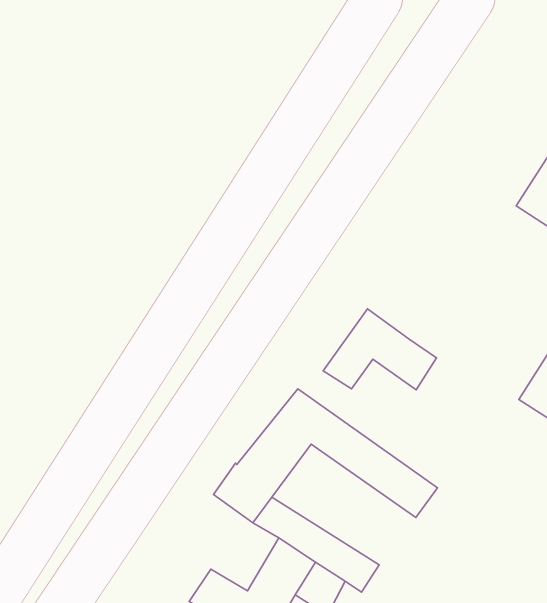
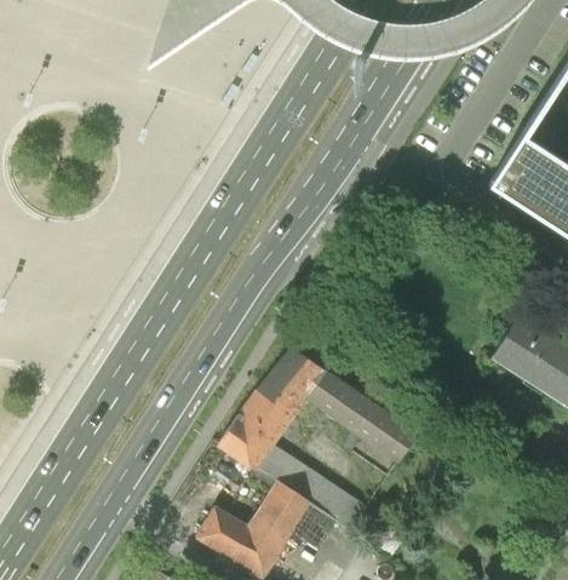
building: [323,309,437,390] -> none

